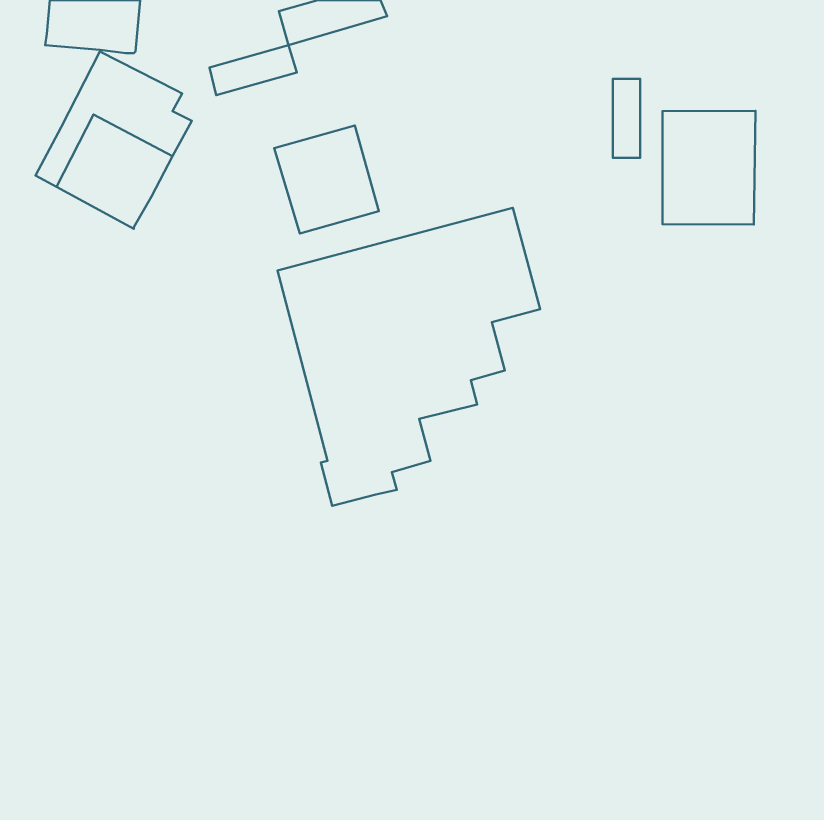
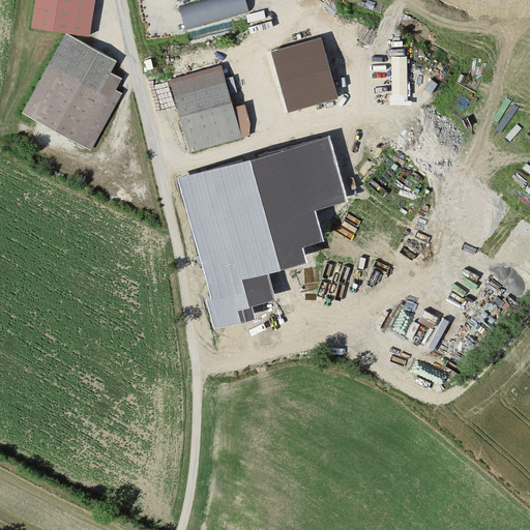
building: [210,45,297,95] -> [172,65,228,97]
building: none -> [272,37,337,112]
building: [663,111,756,225] -> none

